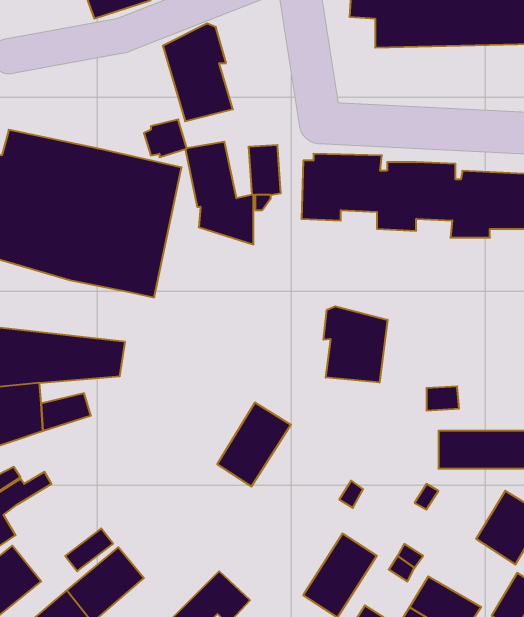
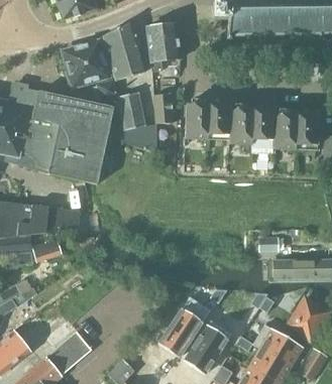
building: none -> [146,22,181,71]
building: none -> [64,41,107,85]
building: [323,306,388,383] -> none
building: [217,403,291,486] -> [160,306,204,356]
building: none -> [259,328,302,366]

